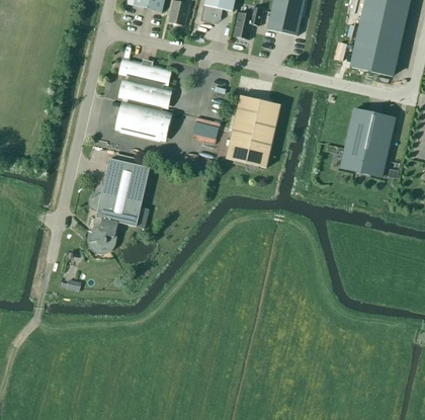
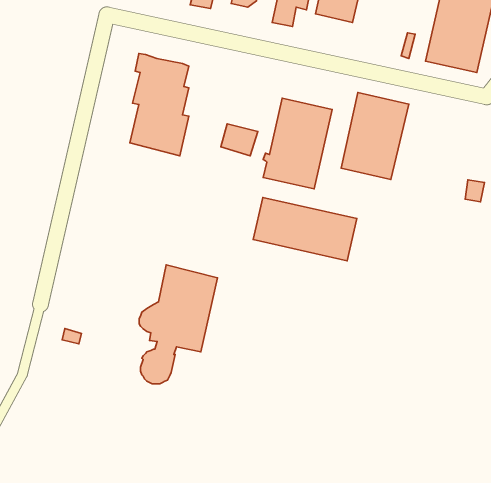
building: [340,107,394,176] -> [341,93,409,180]
building: [87,157,149,251] -> [139,265,217,384]
building: none -> [253,197,357,261]

